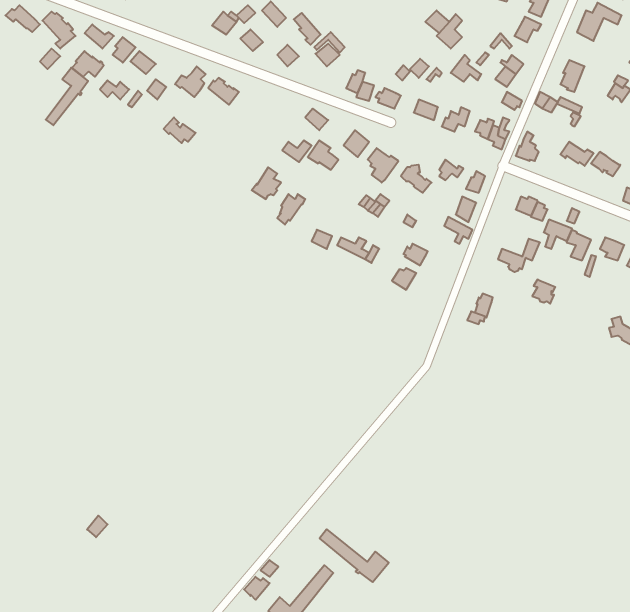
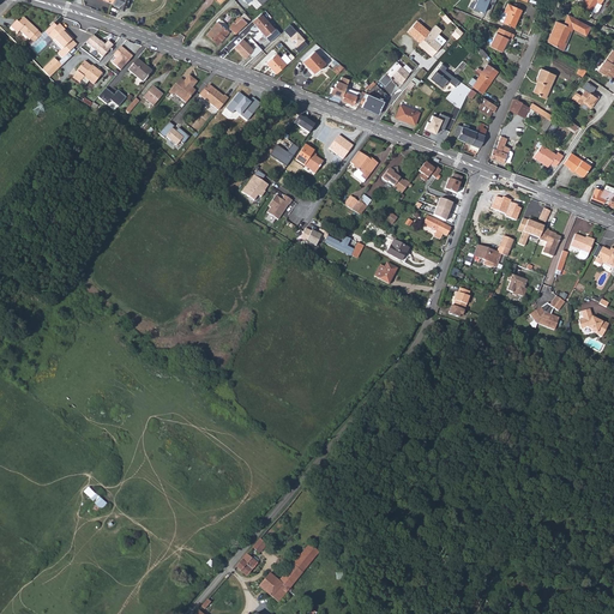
building: [46,68,88,125] -> none
building: none -> [225,91,261,119]
building: none -> [530,295,564,329]
building: [320,529,389,582] -> none

